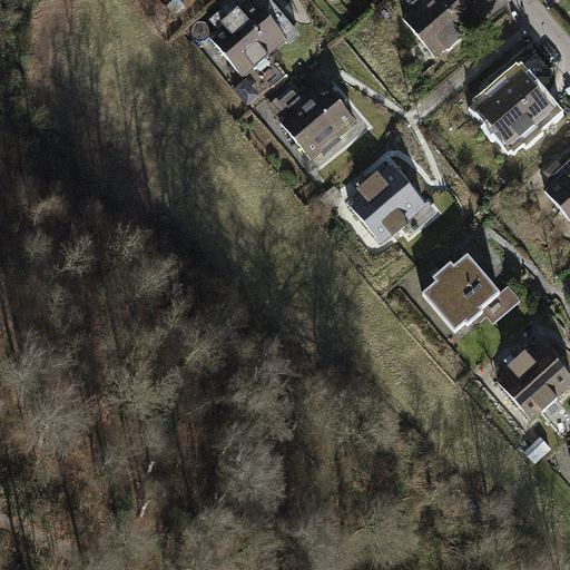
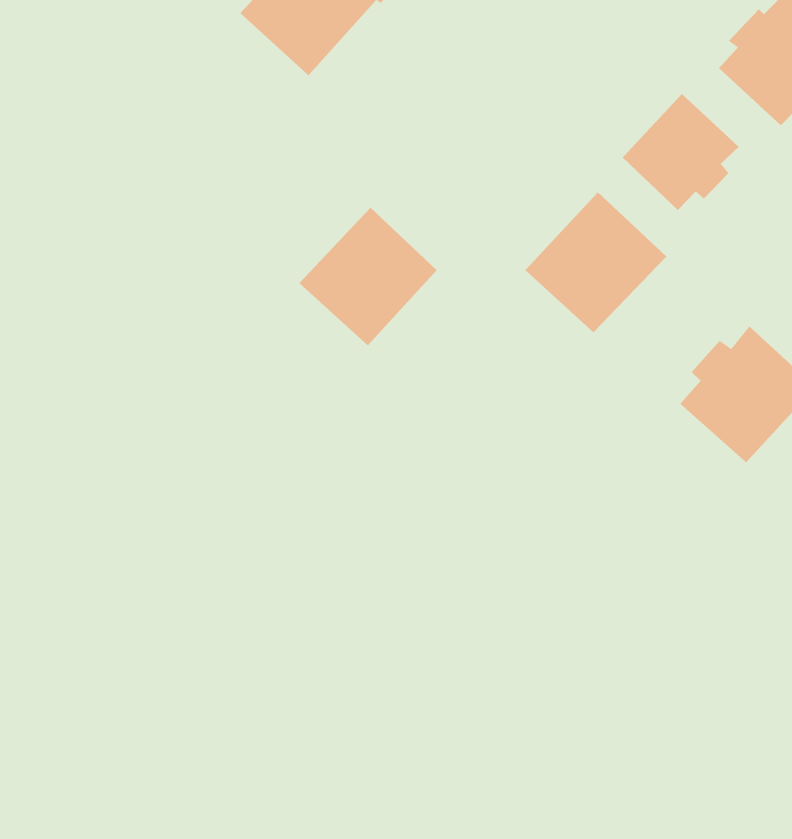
building: [278,81,357,159] -> [299,207,438,346]
building: none -> [622,93,739,211]

